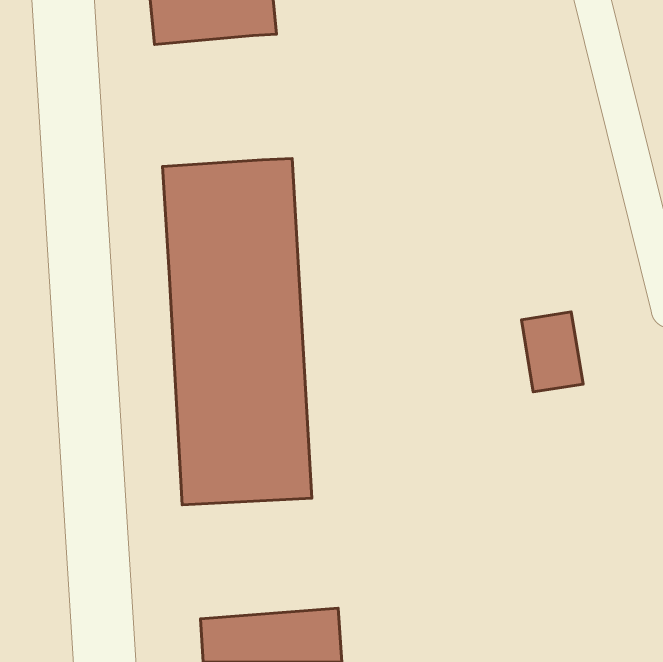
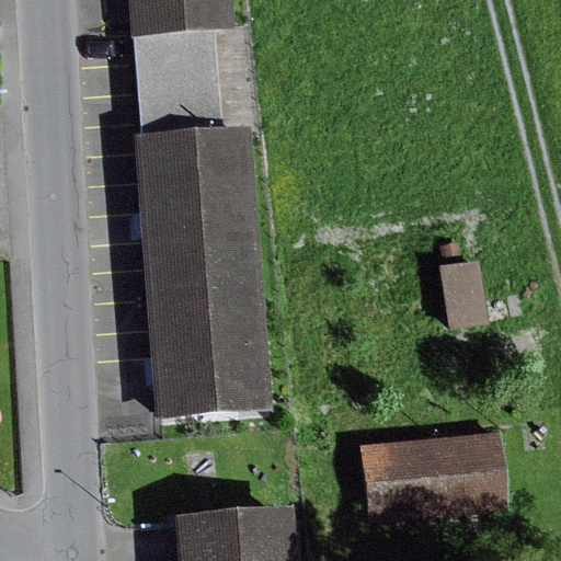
building: none -> [135,30,225,139]
building: none -> [364,433,503,520]

